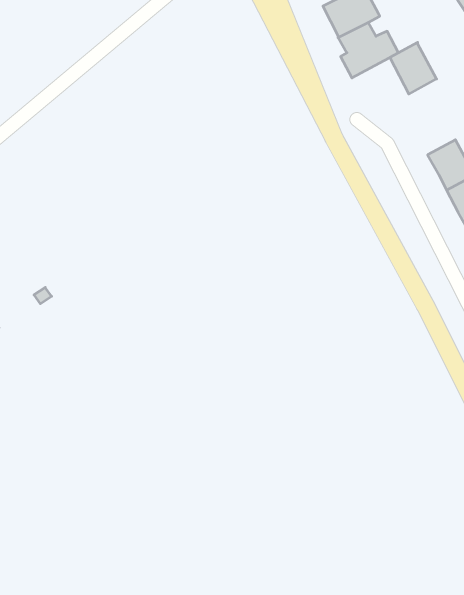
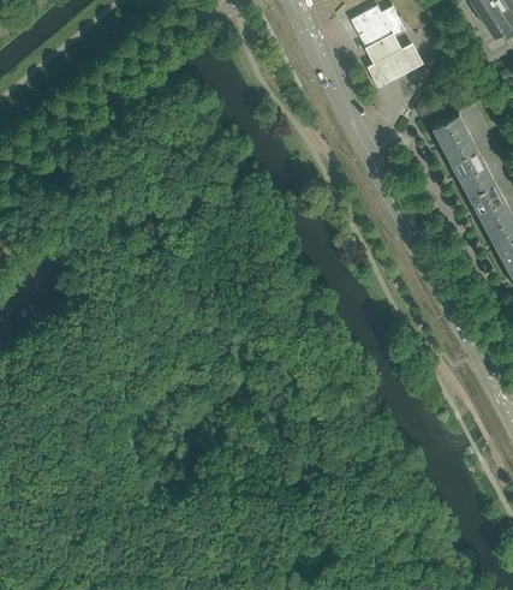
building: [390,42,437,94] -> [433,113,477,162]

